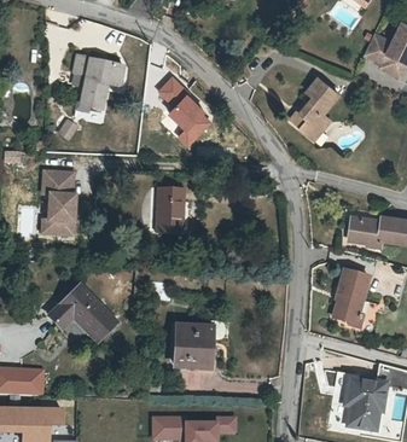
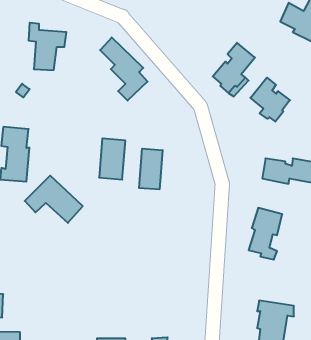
building: none -> [250,78,290,122]
building: none -> [139,149,163,189]
building: [52,287,118,342] -> [25,176,83,223]
building: [178,320,226,365] -> none

